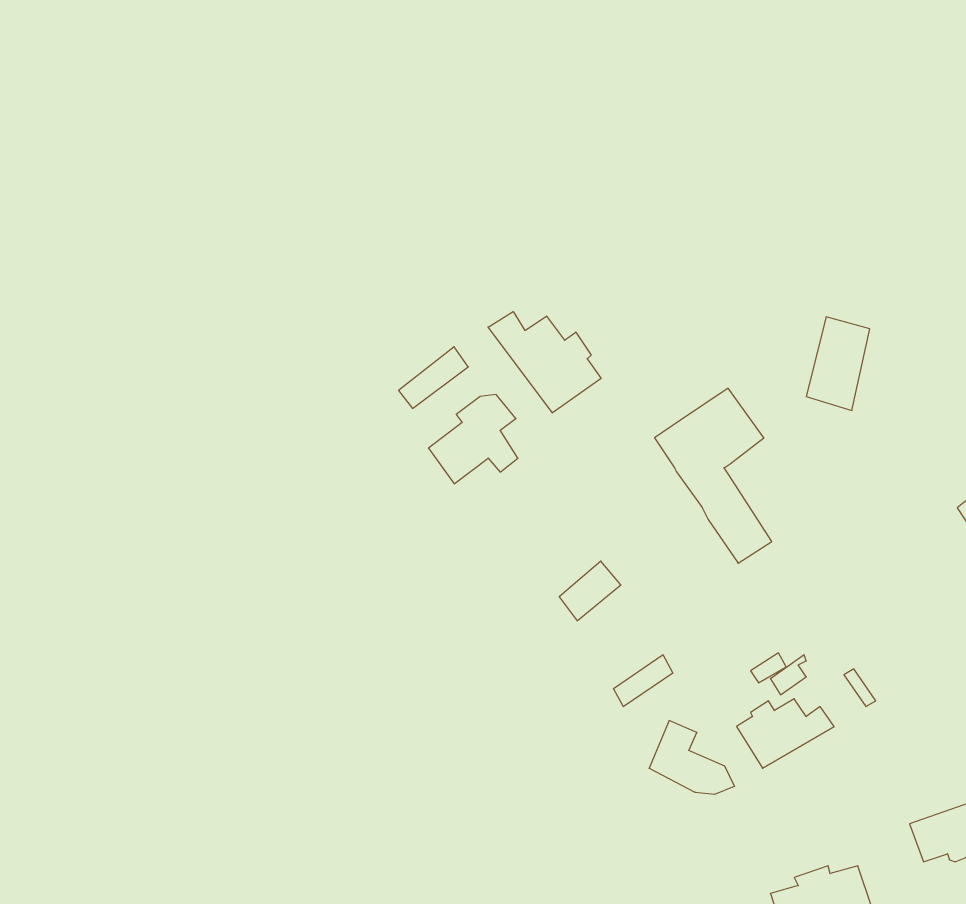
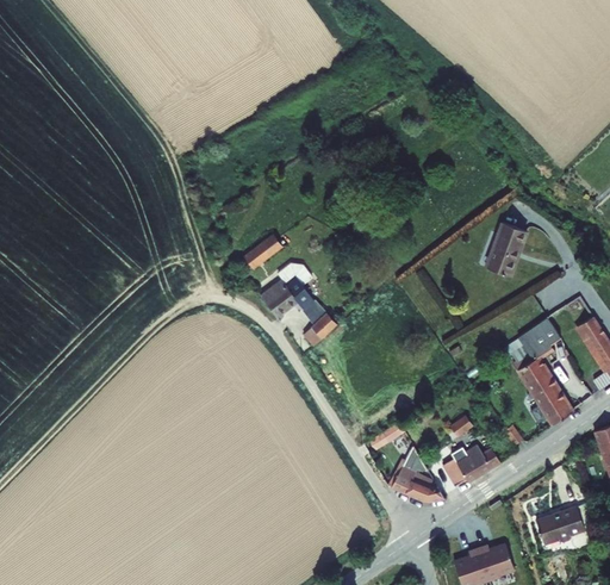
building: [488,312,601,413] -> none
building: [655,388,772,563] -> [504,319,574,424]
building: [559,561,621,621] -> [297,311,334,347]

